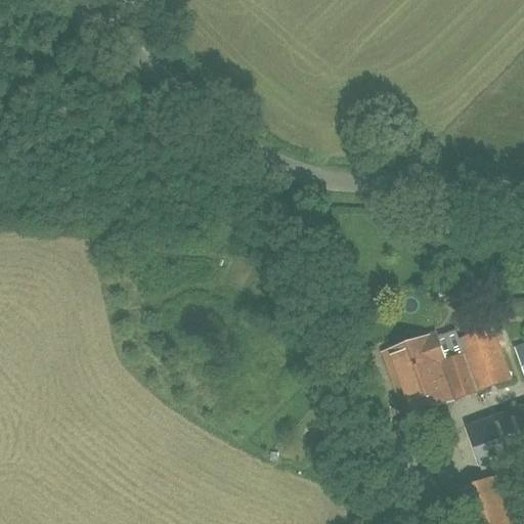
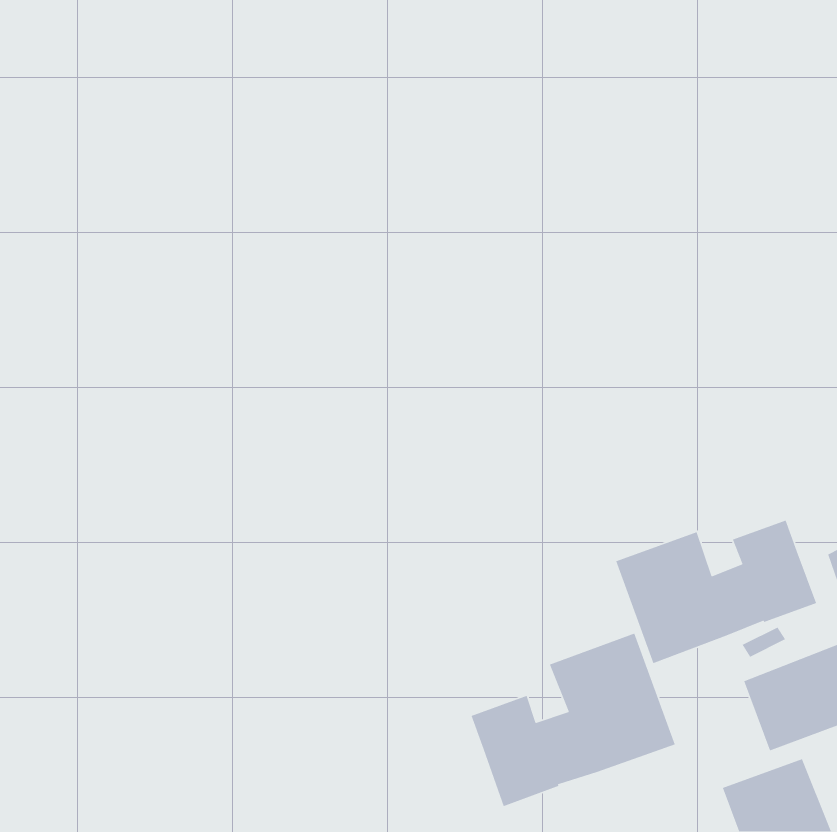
building: none -> [470,632,676,807]

